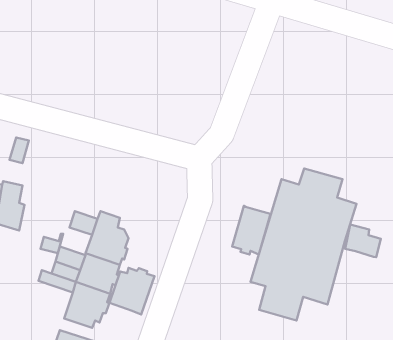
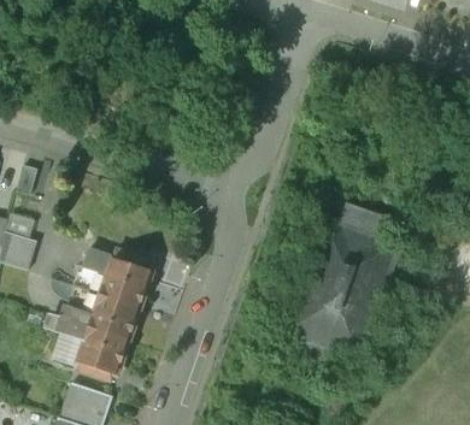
building: [232,206,271,255] -> none
building: [345,224,381,257] -> none
building: [110,268,154,315] -> none

